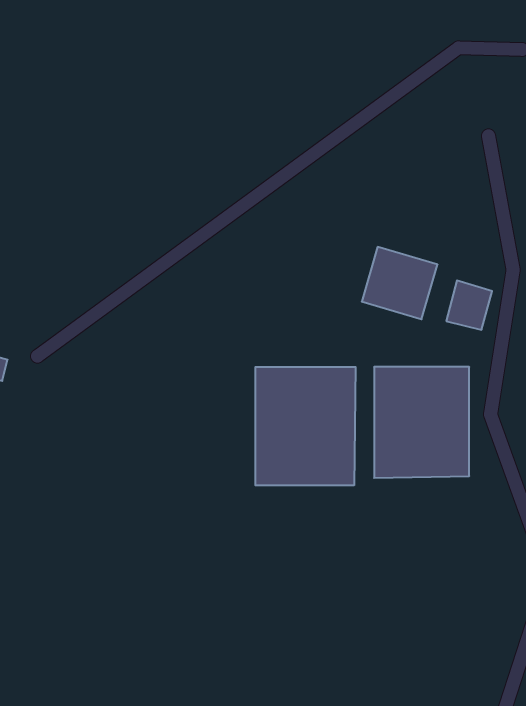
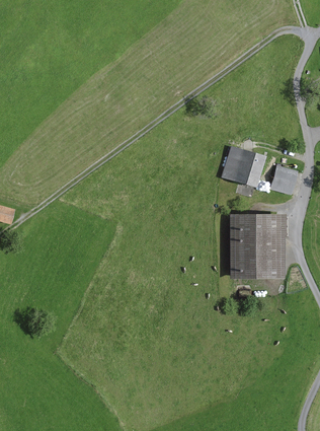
building: [255,367,356,485] -> none

